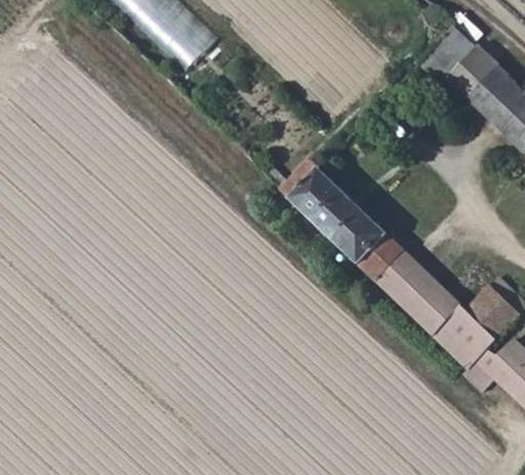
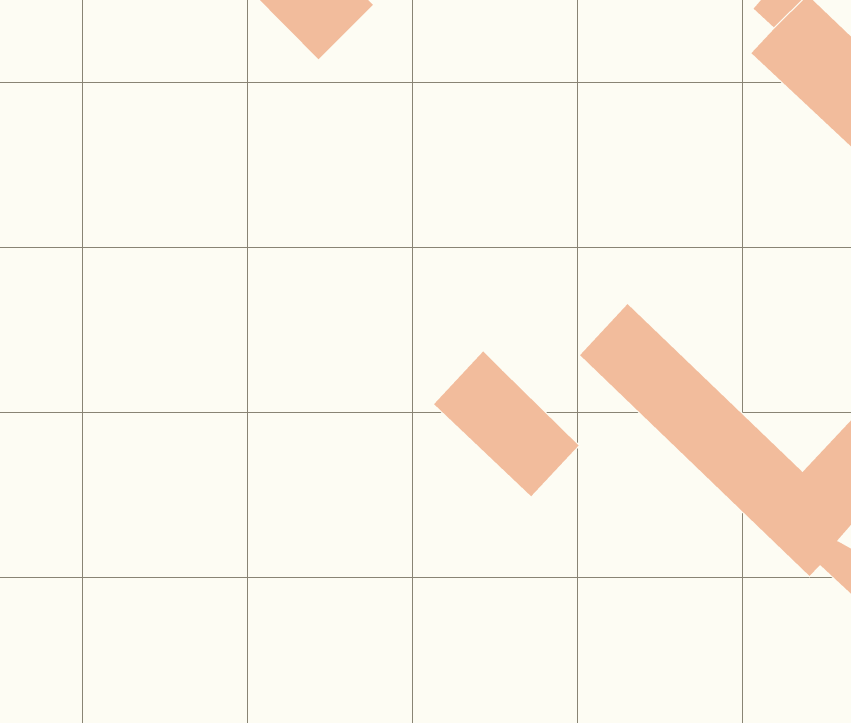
building: [282,161,366,245] -> [433,351,580,497]

